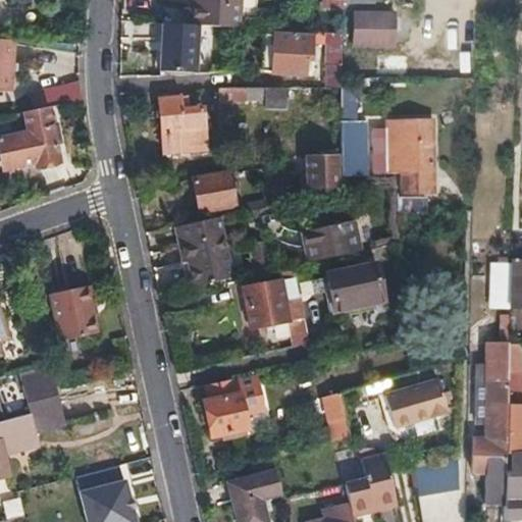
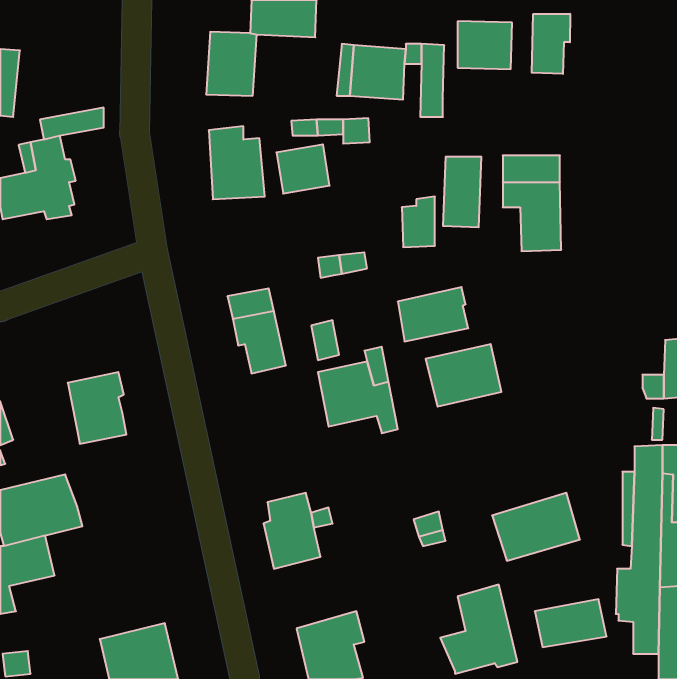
building: none -> [532,14,570,74]
building: [195,175,236,213] -> [276,144,330,194]

